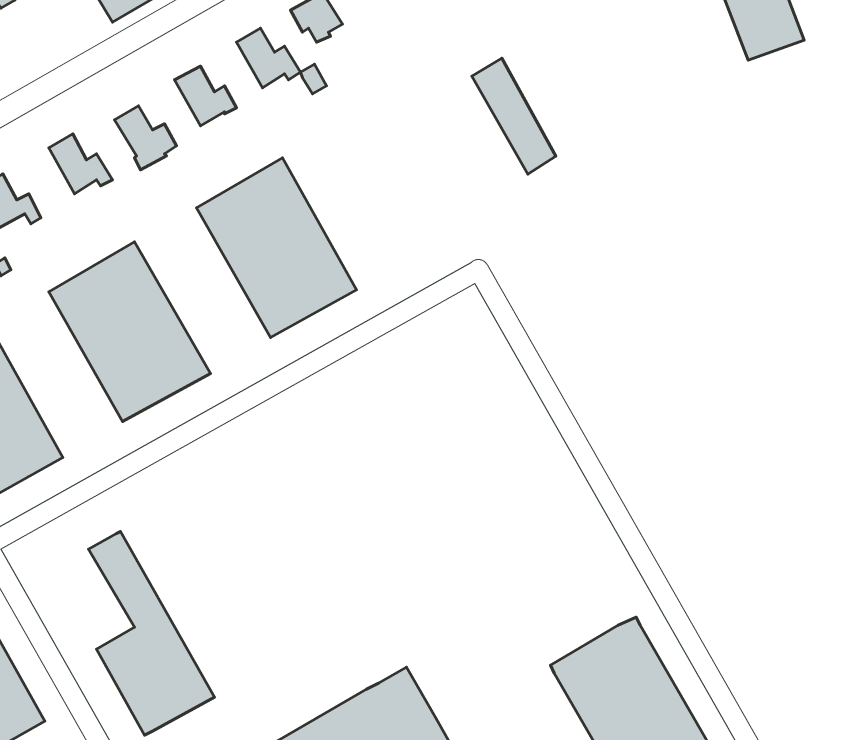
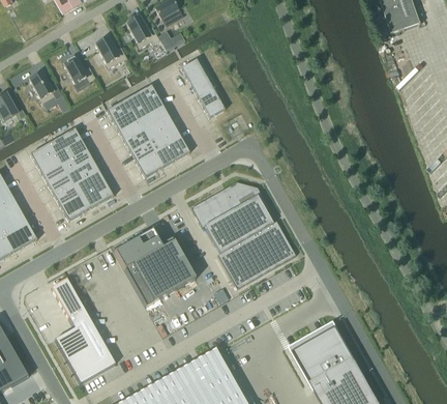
building: [472,58,556,174] -> [181,58,225,118]
building: none -> [191,181,296,288]
building: none -> [115,229,196,307]

